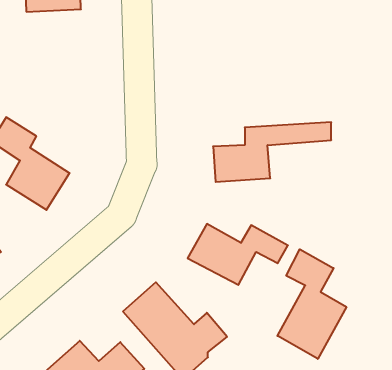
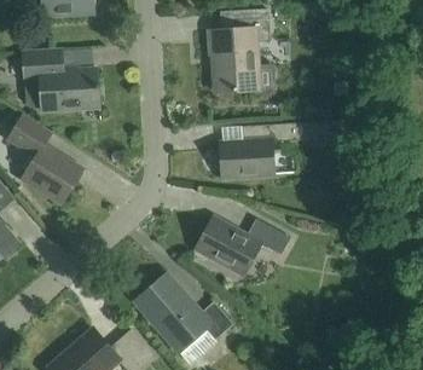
building: none -> [209,8,276,94]
building: none -> [22,50,99,110]
building: [277,249,346,359] -> none

